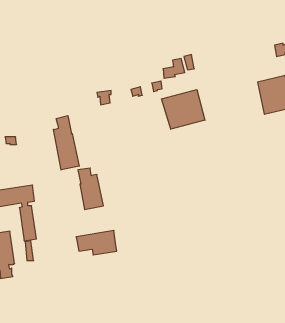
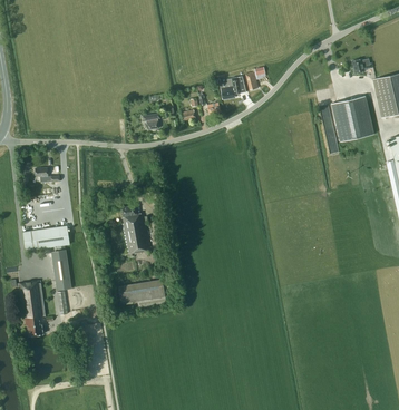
building: [162,90,205,129] -> none
building: [53,116,79,170] -> none

